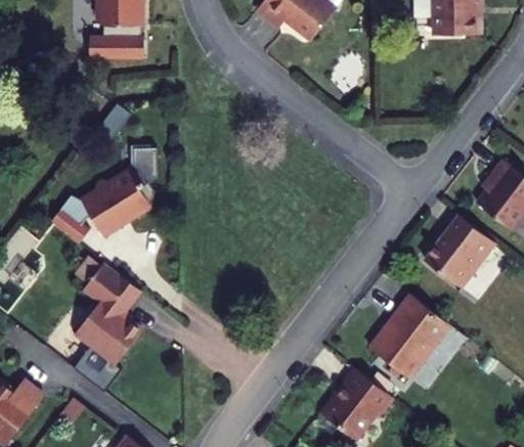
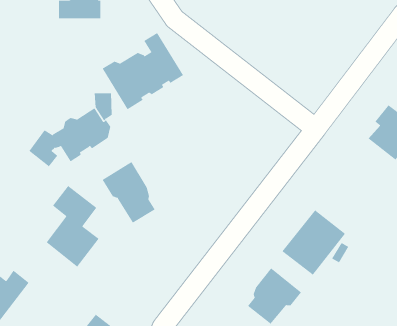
building: none -> [102,32,184,110]
building: [422,216,492,289] -> none
building: none -> [102,161,156,223]

